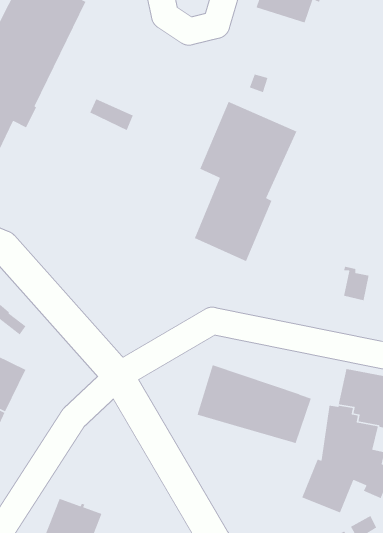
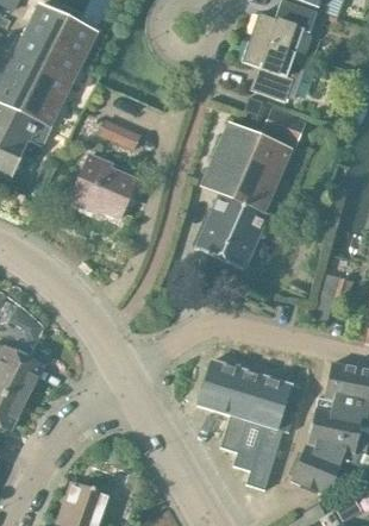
building: none -> [240,36,308,100]
building: none -> [261,105,305,145]
building: none -> [69,152,136,215]
building: none -> [220,415,283,490]

